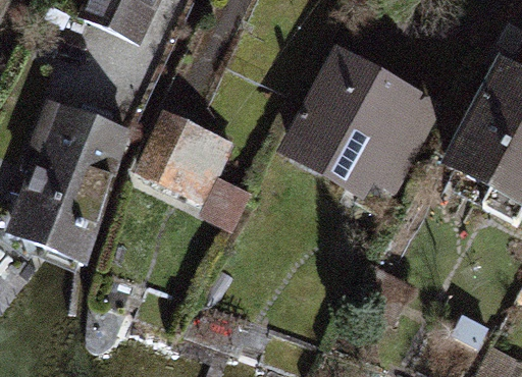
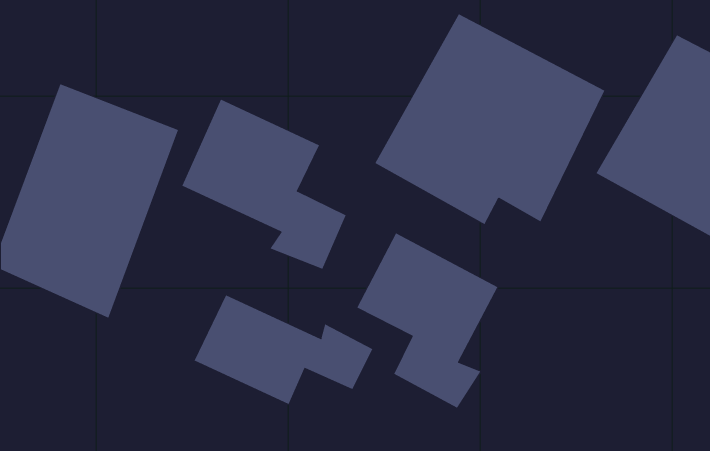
building: none -> [356,233,498,409]
building: none -> [194,294,373,405]

